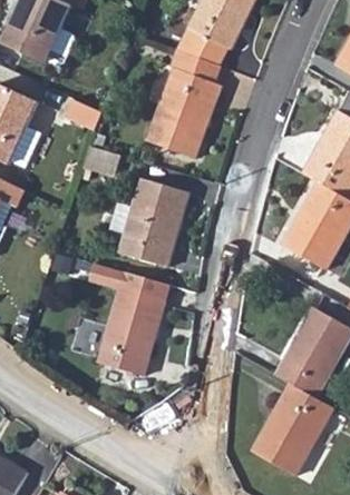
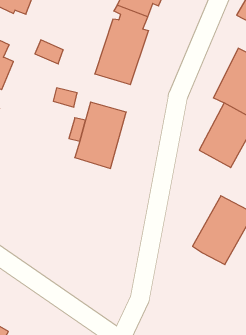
building: [96,286,162,373] -> none
building: [253,382,332,472] -> none

